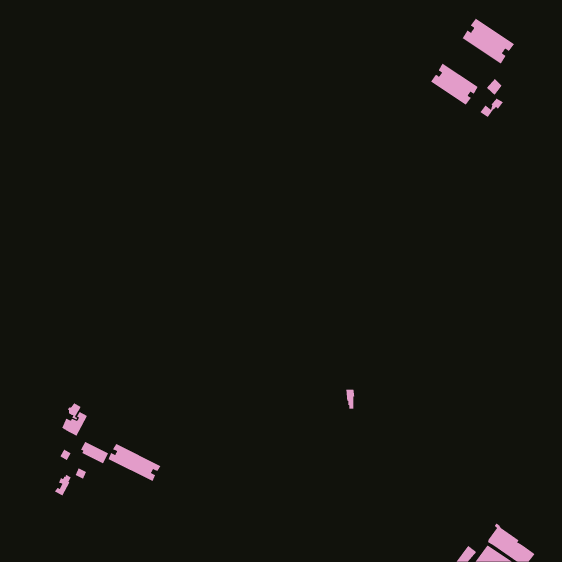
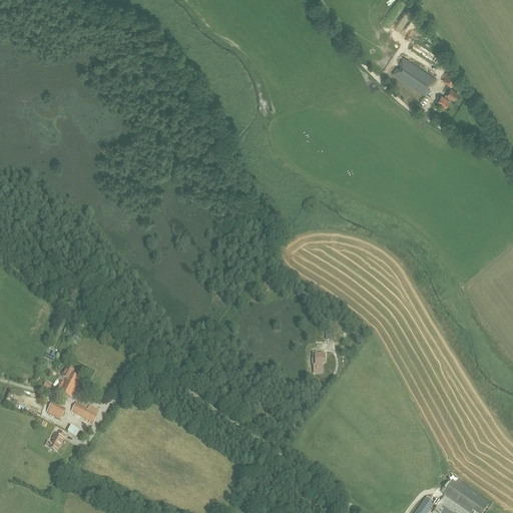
building: [462,18,515,65] -> none
building: [108,443,161,482] -> none

